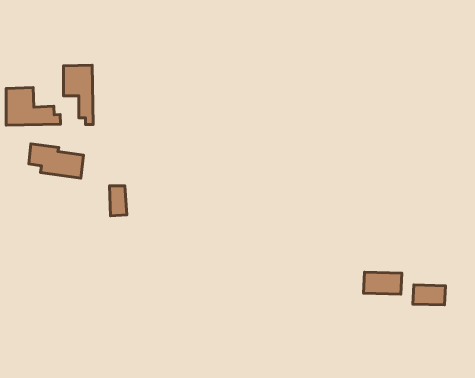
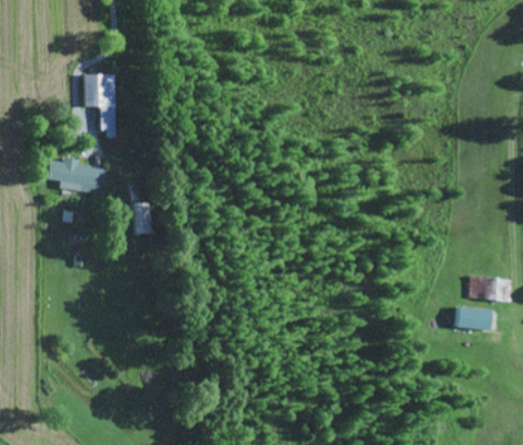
building: [6,88,60,125] -> none
building: [363,272,402,294] -> [470,277,511,300]

